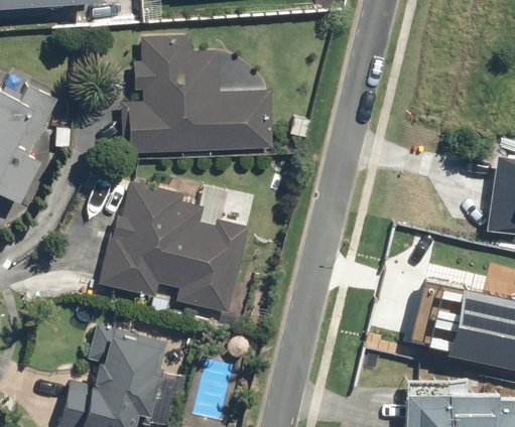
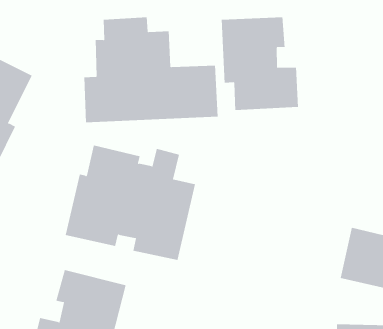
building: none -> [221,16,298,111]

